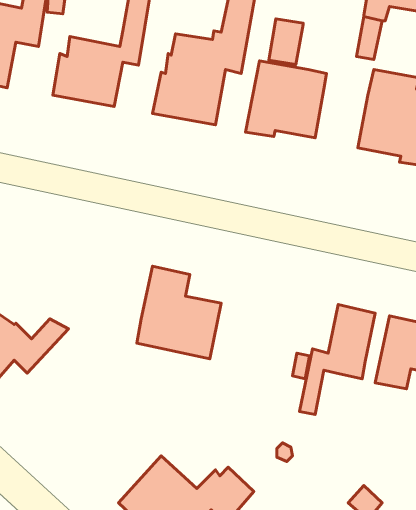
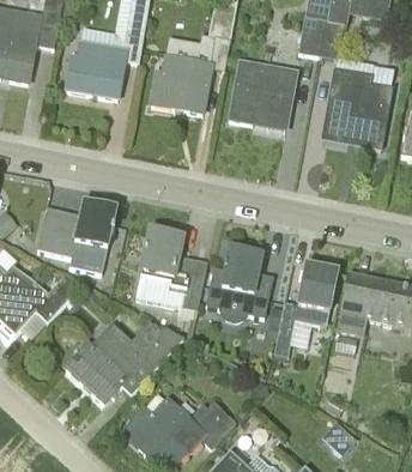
building: [269,19,303,65] -> [298,18,327,56]
building: none -> [36,204,115,272]
building: none -> [205,249,272,321]
building: none -> [65,321,183,403]

